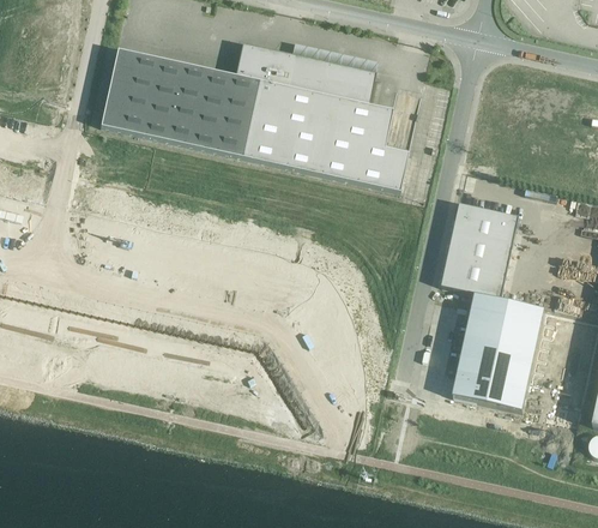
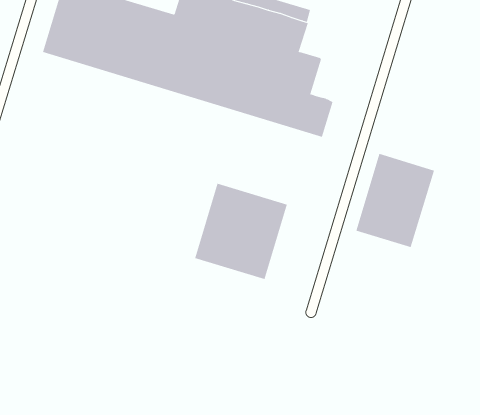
building: none -> [194,183,288,280]
building: [452,293,544,410] -> none

